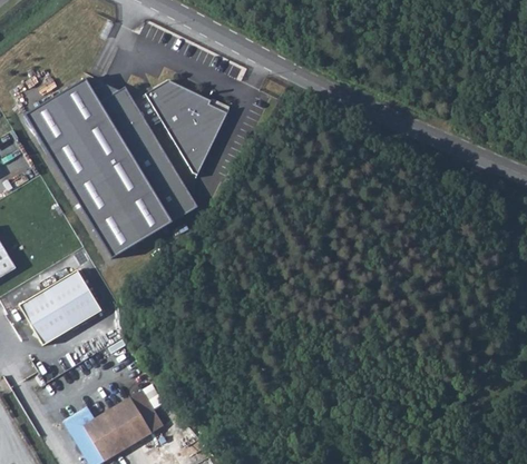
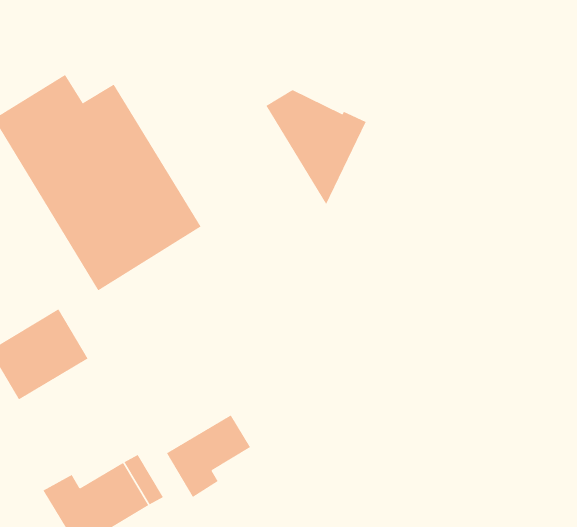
building: [145,78,228,174] -> [265,90,366,205]
building: none -> [166,414,251,498]

